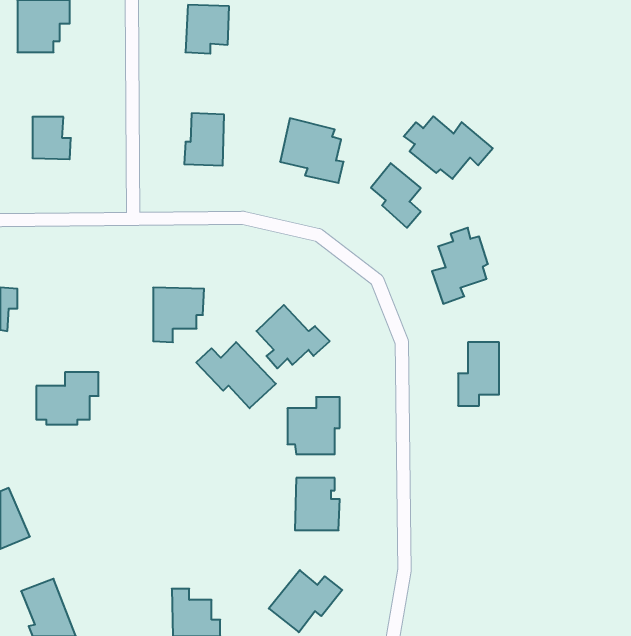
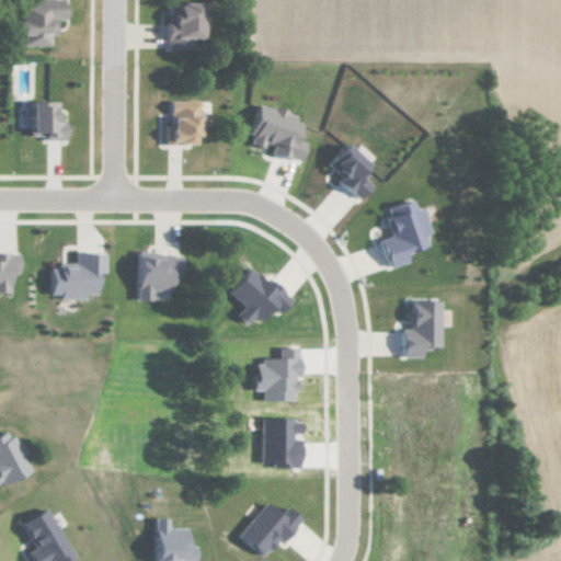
building: [404,116,493,179] -> none
building: [196,342,276,408] -> none
building: [36,372,99,425] -> [53,253,107,299]

